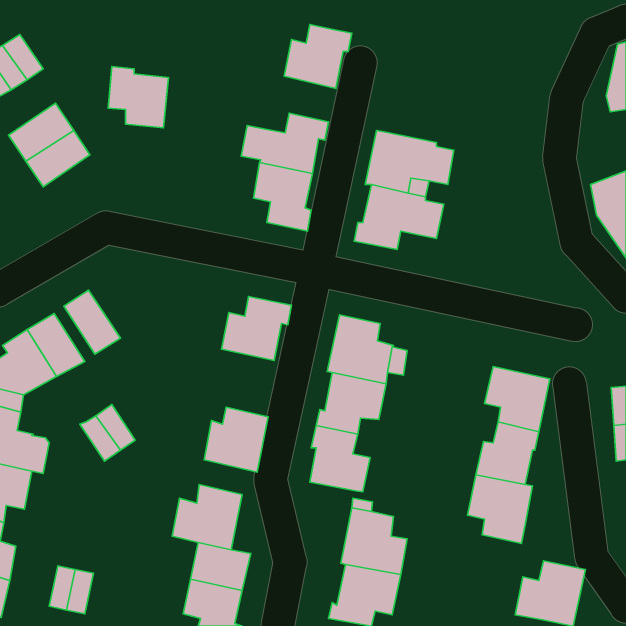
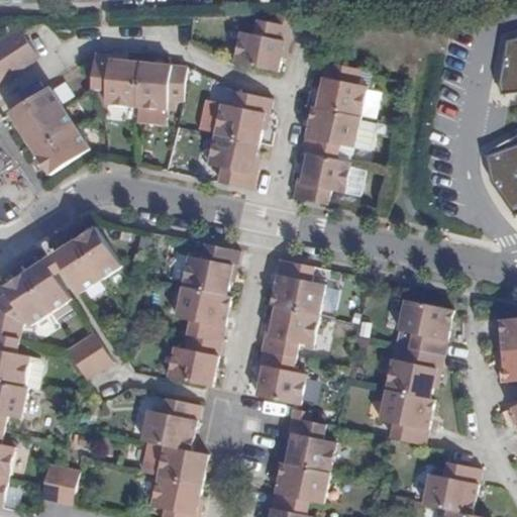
building: none -> [314,63,365,117]
building: none -> [134,64,184,109]
building: none -> [35,127,87,173]
building: none -> [73,226,118,278]
building: none -> [176,287,230,342]

